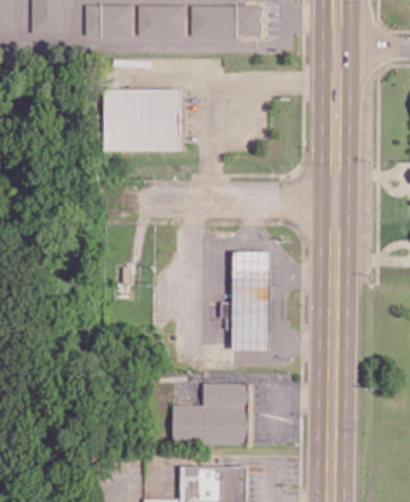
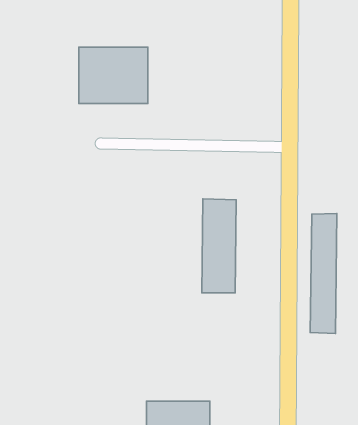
building: none -> [310,214,337,333]
building: [173,385,248,443] -> none

